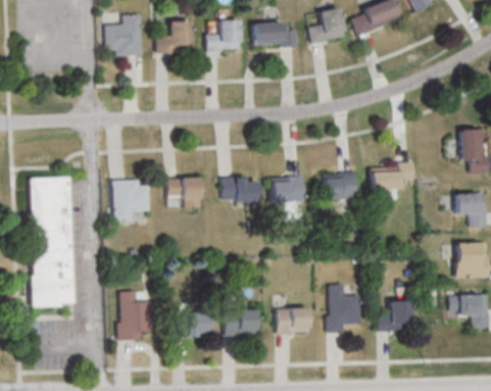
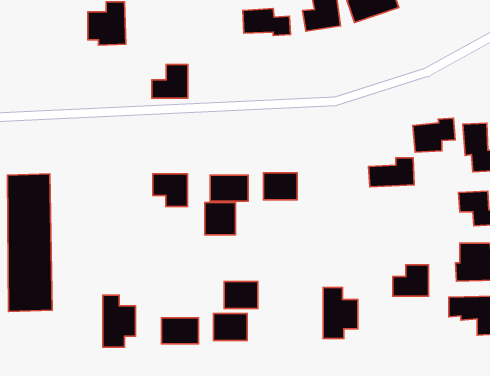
building: [206,20,239,50] -> none
building: [156,21,190,53] -> [152,65,188,98]
building: none -> [413,118,455,152]
building: [324,174,354,199] -> none
building: [113,181,149,223] -> none
building: none -> [205,203,236,235]
building: [377,301,410,331] -> [393,265,428,296]
building: [277,308,308,334] -> [224,281,258,308]

